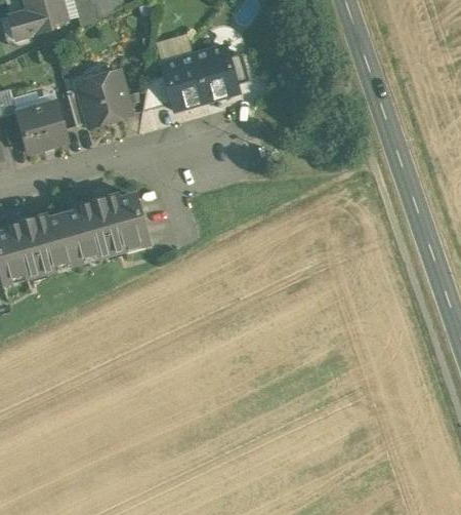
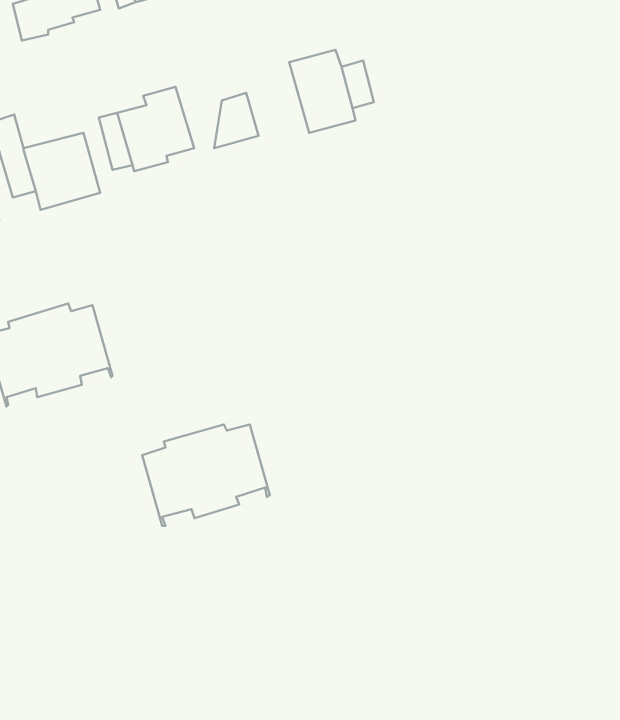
building: [162,53,207,110] -> none
building: [62,195,148,263] -> [142,425,270,526]

